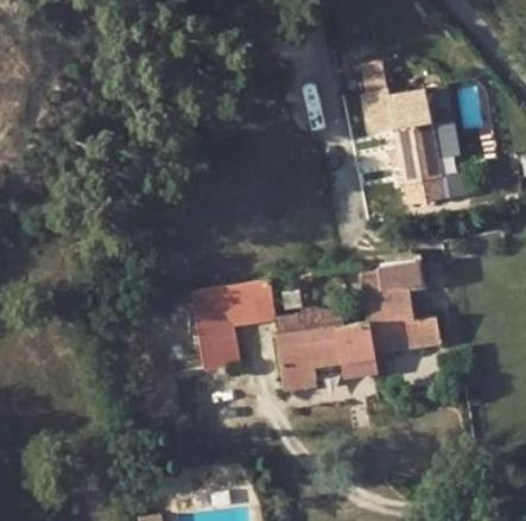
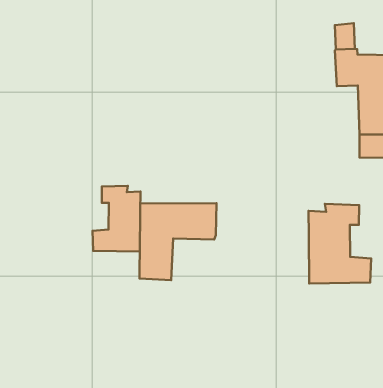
building: none -> [92,186,140,252]
building: [270,301,378,392] -> none

